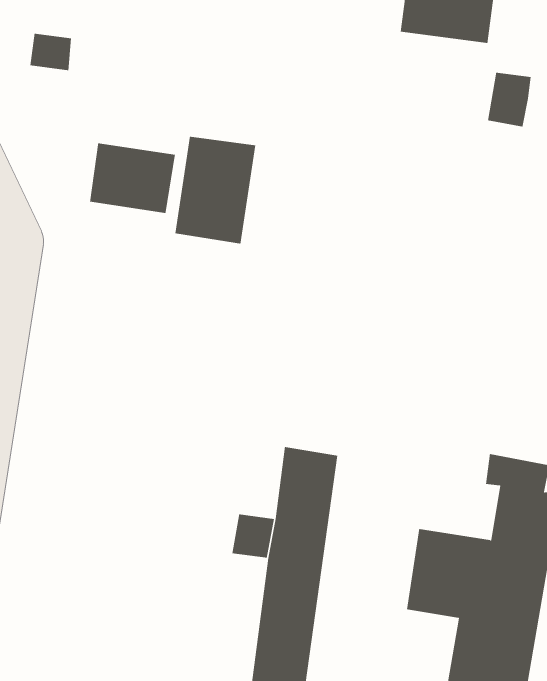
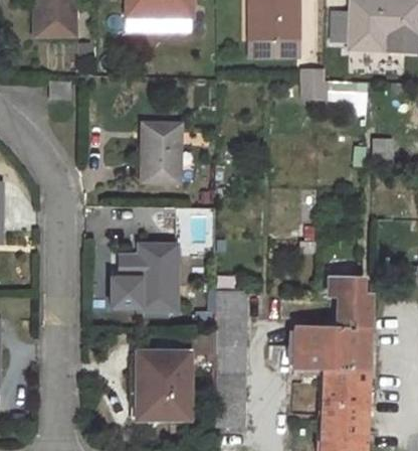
building: [89,143,176,214] -> none
building: none -> [113,245,176,309]
building: none -> [137,353,189,417]

